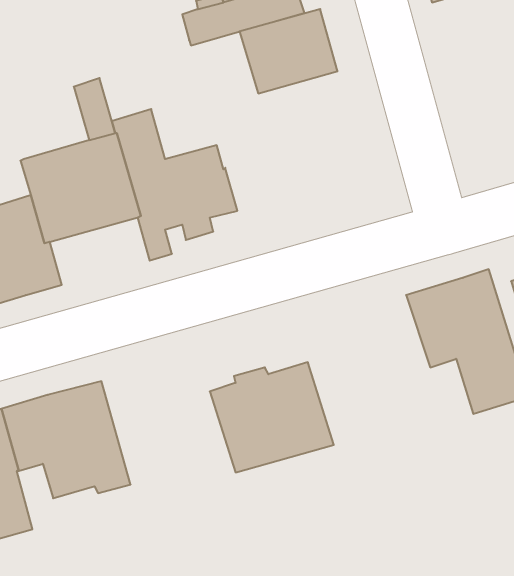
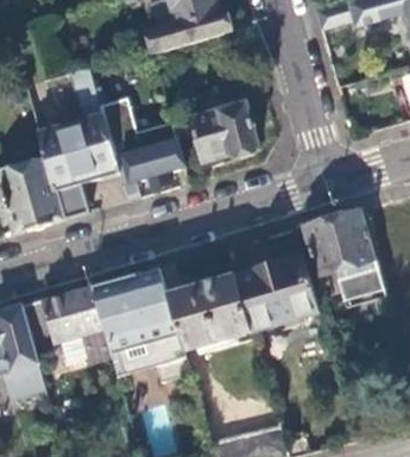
building: [239,9,338,93] -> [191,101,259,159]
building: none -> [235,253,320,328]
building: none -> [93,264,193,380]

